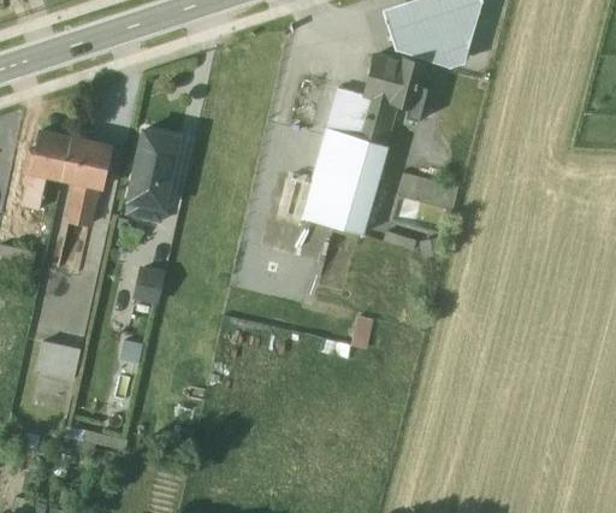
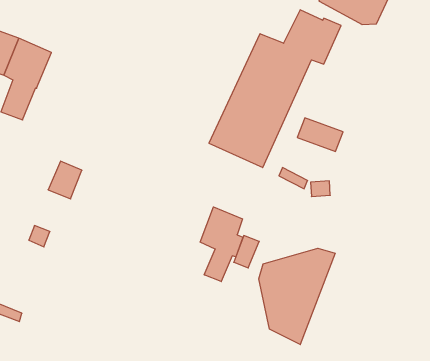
building: [125,131,179,224] -> none
building: none -> [200,207,243,282]
building: none -> [259,248,335,345]

